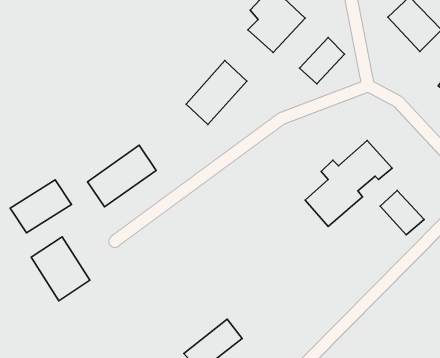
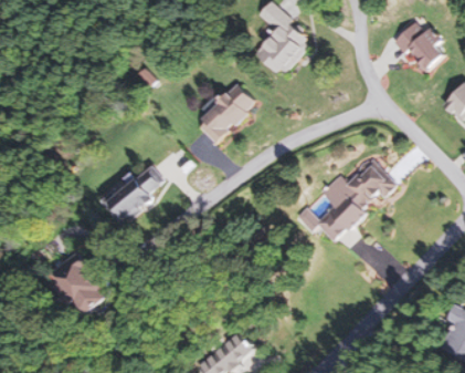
building: [300,38,344,84] -> none
building: [10,180,72,233] -> none
building: [380,190,424,235] -> none

